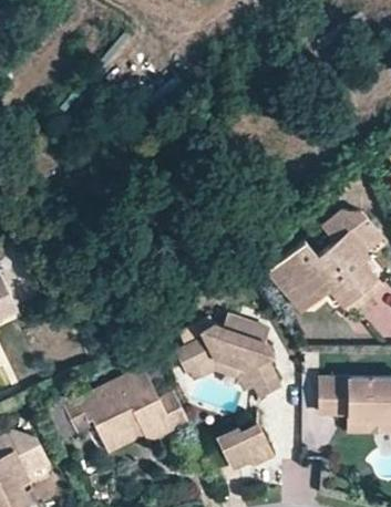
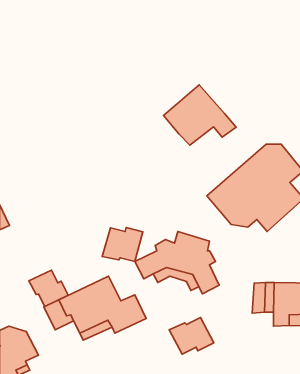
building: none -> [164,85,236,145]
building: none -> [102,228,143,261]
building: none -> [29,270,68,307]

